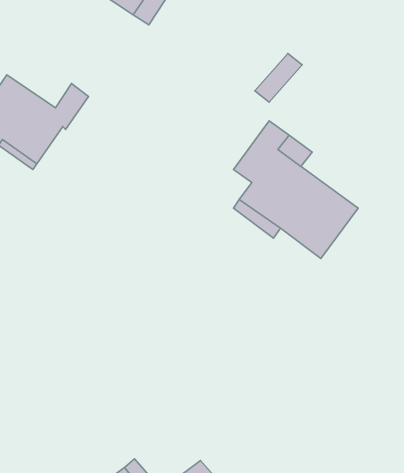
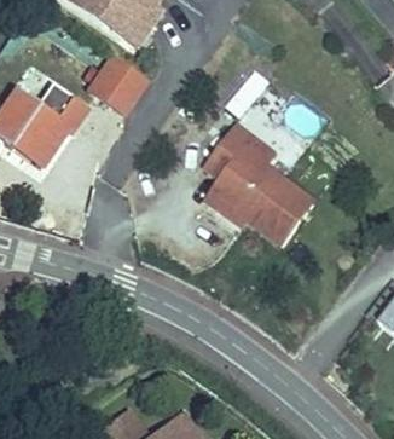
building: none -> [89,54,146,111]

